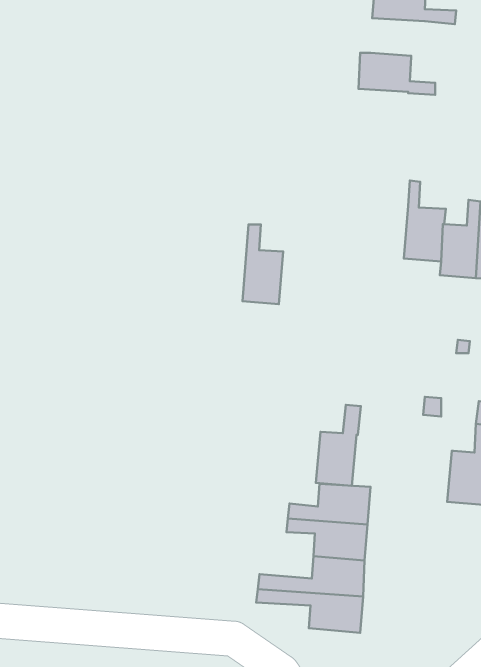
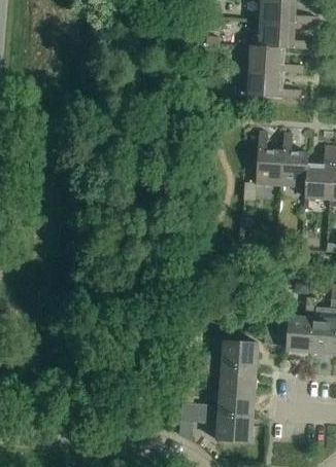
building: none -> [258,21,314,49]
building: none -> [248,69,301,98]
building: [243,224,283,304] -> [256,131,283,185]
building: [316,405,361,486] -> [285,296,316,352]

